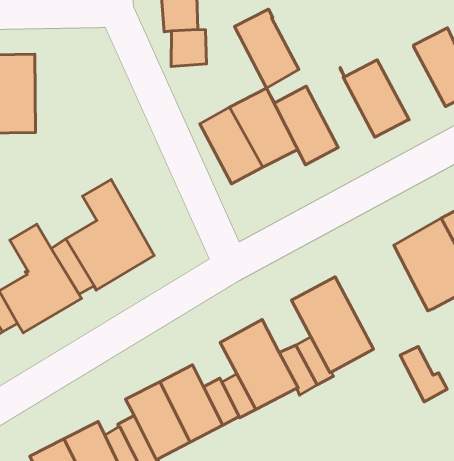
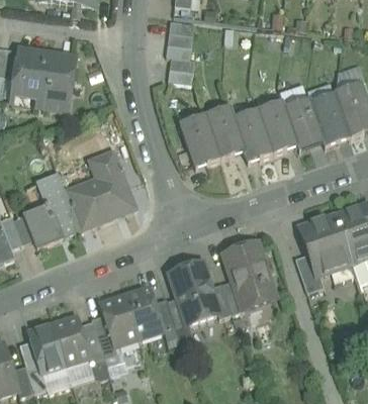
building: [234,9,299,88] -> [257,100,296,154]
building: none -> [308,93,350,146]
building: [400,347,447,402] -> [295,254,324,292]

